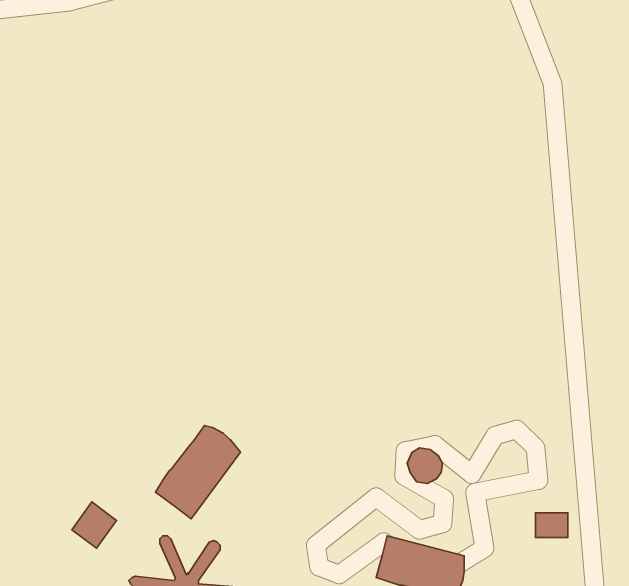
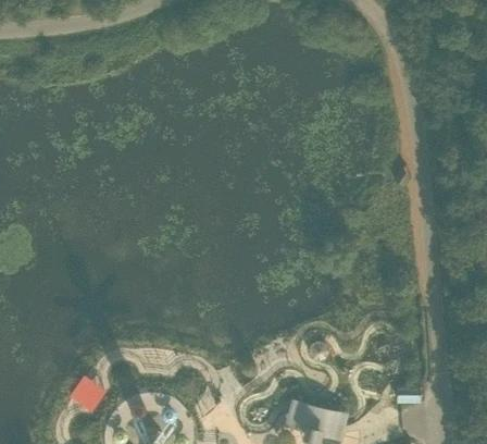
building: [155,426,241,519] -> none

